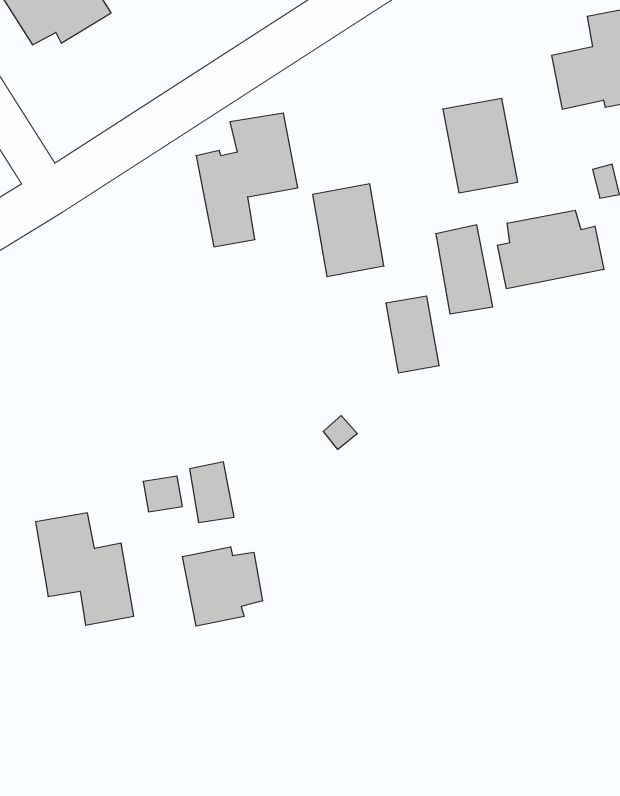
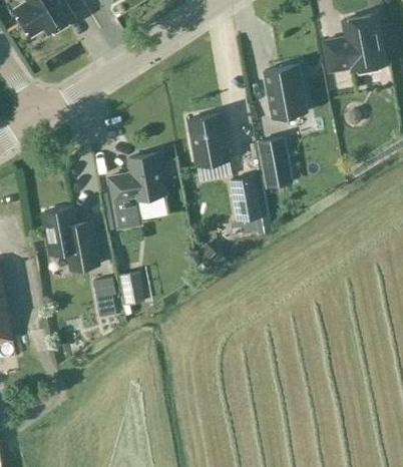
building: [196,113,298,247] -> [109,154,166,229]
building: [497,210,604,289] -> none
building: [36,513,134,625] -> [44,208,99,272]
building: [183,547,263,626] -> none

